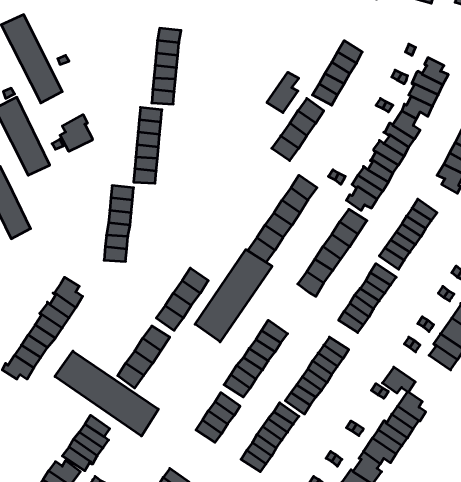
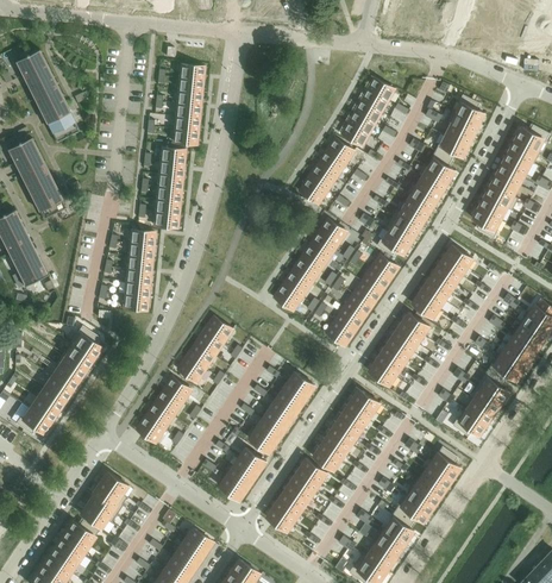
building: [267,72,299,113] -> none
building: [60,115,92,151] -> none
building: [195,250,272,342] -> none
building: [55,351,158,436] -> none
building: [382,367,415,393] -> [452,409,487,437]

